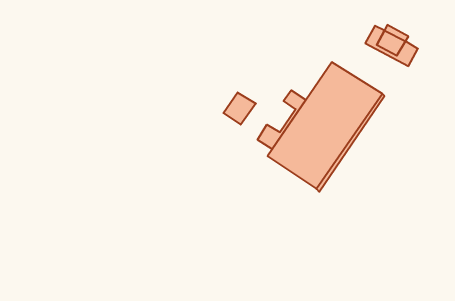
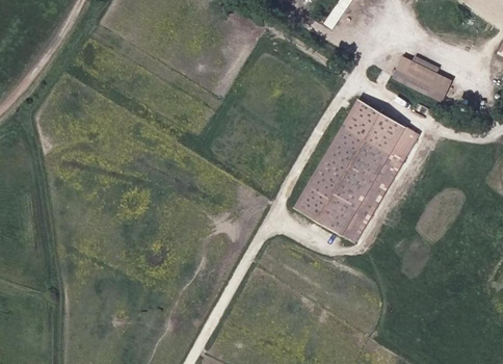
building: [258,90,306,149] -> none
building: [223,92,256,125] -> none

